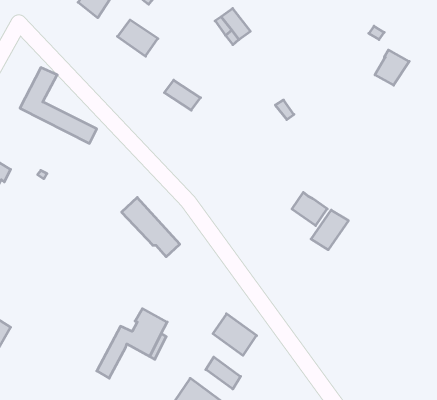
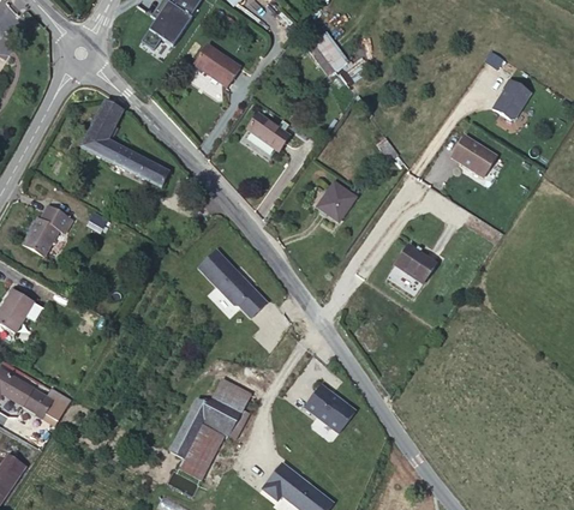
building: none -> [449,136,496,178]
building: none -> [317,181,355,221]
building: [311,210,348,250] -> none
building: none -> [179,422,220,476]
building: [206,357,241,389] -> none

